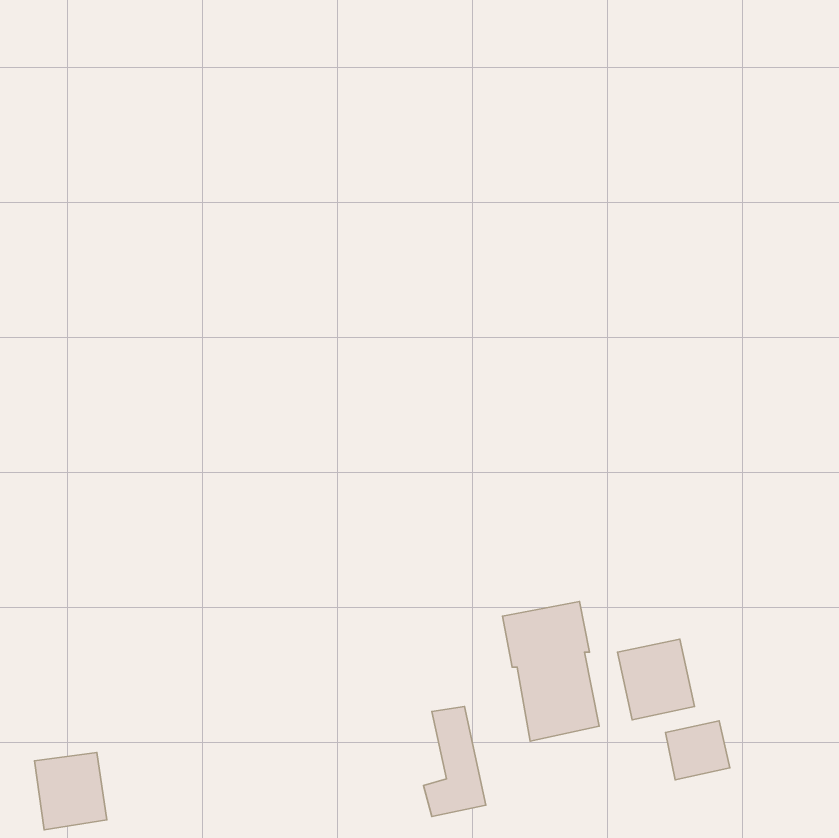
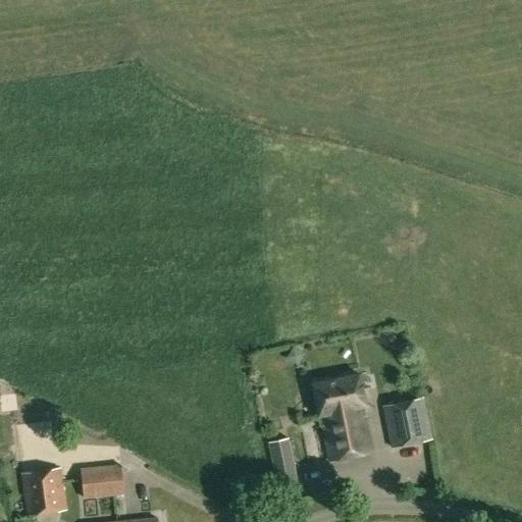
building: [665,721,730,780] -> none
building: none -> [81,464,124,498]

